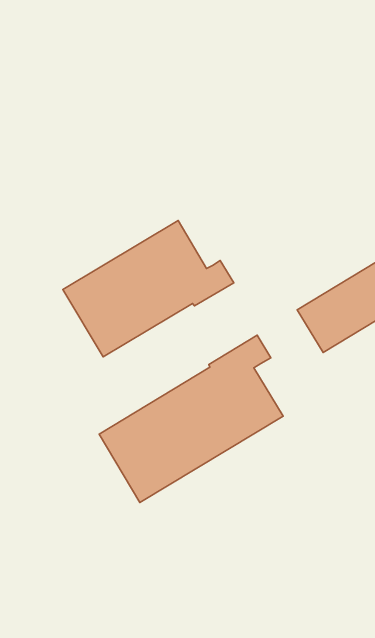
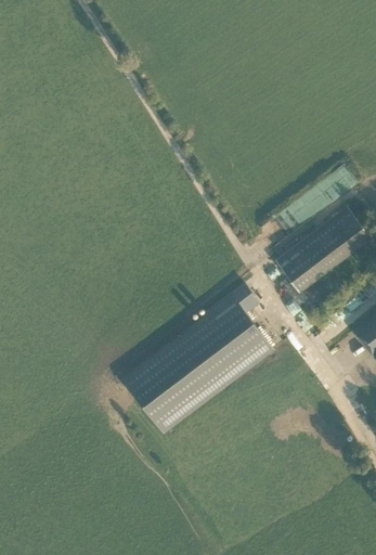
building: [63,220,234,357] -> none

